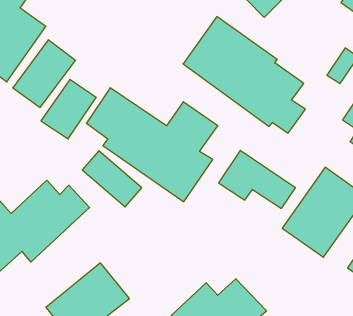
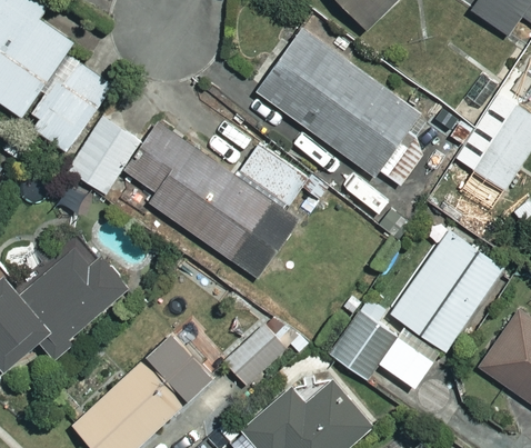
building: [219,150,295,208] -> [330,311,433,389]
building: [82,151,142,207] -> [150,338,230,414]
building: none -> [223,323,285,384]

